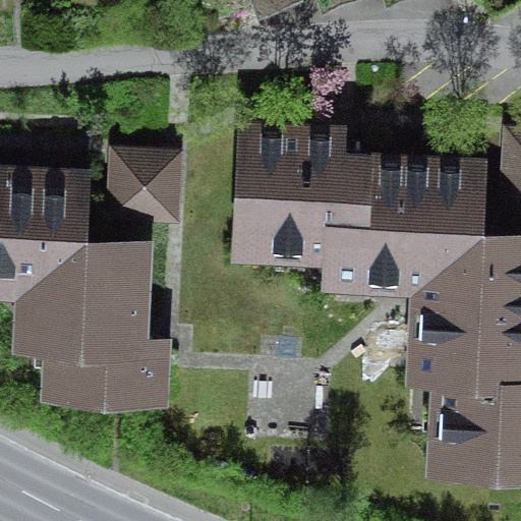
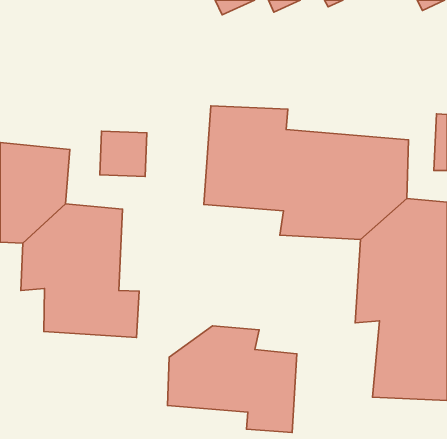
building: none -> [168,326,297,432]

